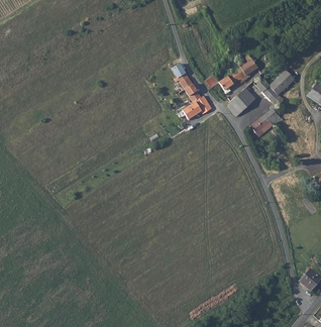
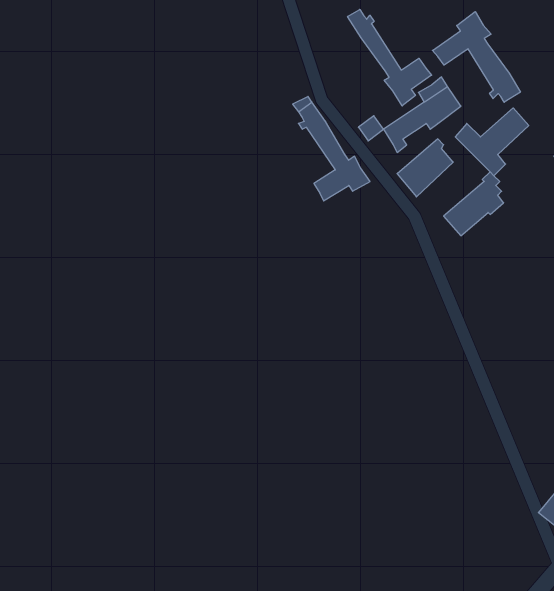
building: none -> [348,9,432,106]
building: none -> [432,12,520,102]

